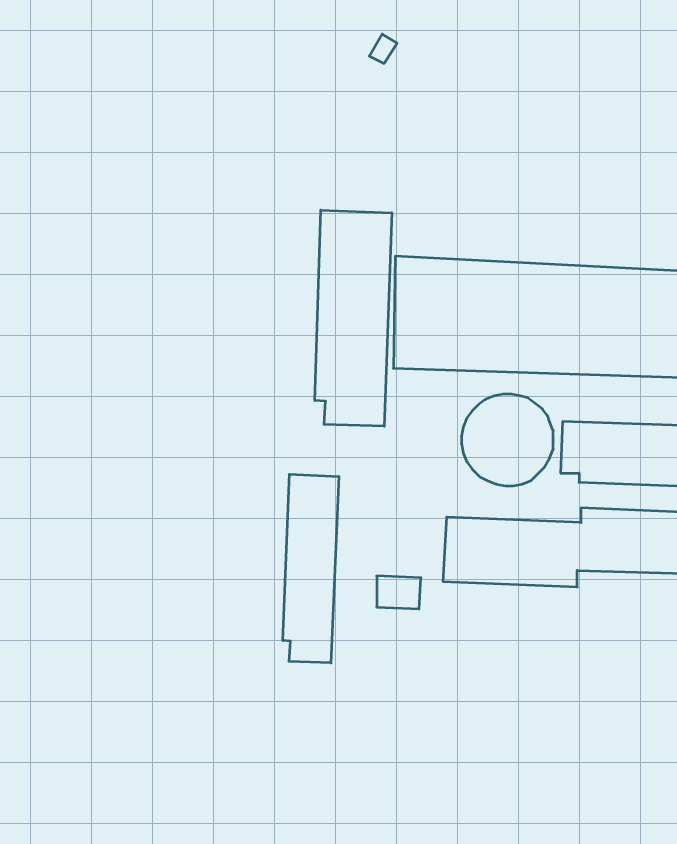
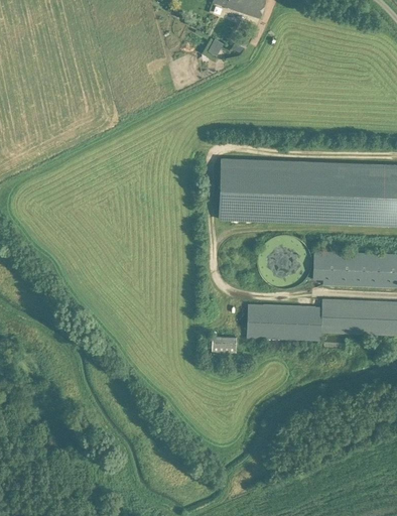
building: [315,210,392,426] -> none
building: [283,474,339,663] -> none

